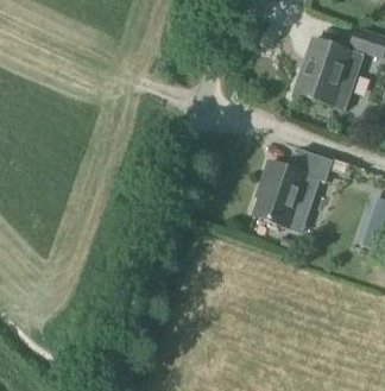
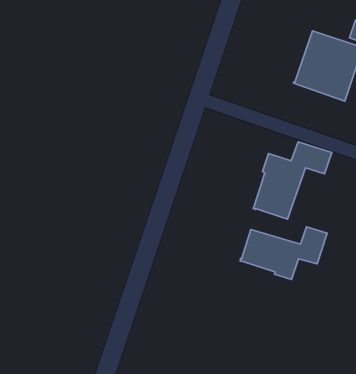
building: none -> [240,227,327,280]

